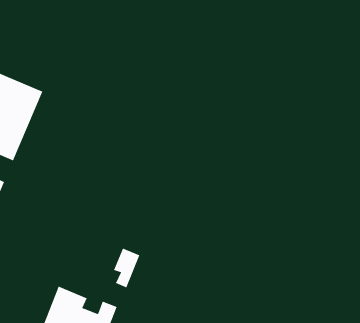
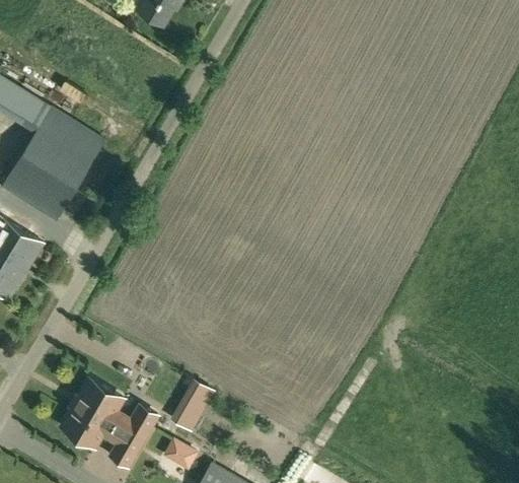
building: [113,248,140,288] -> [176,381,212,430]

